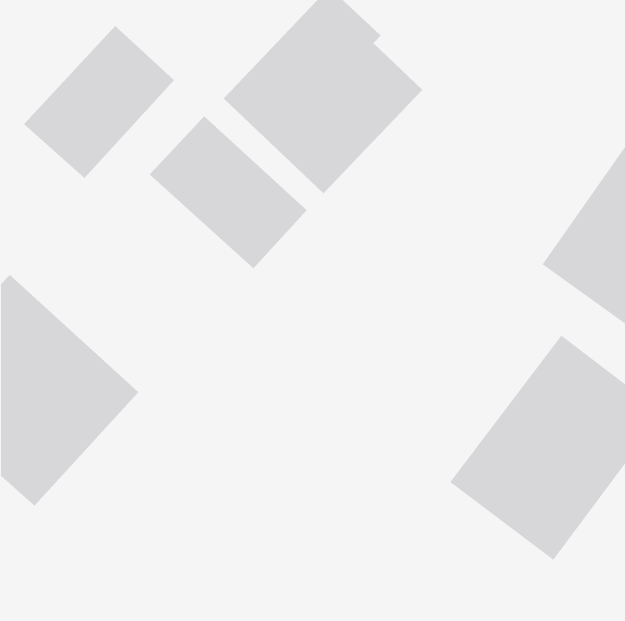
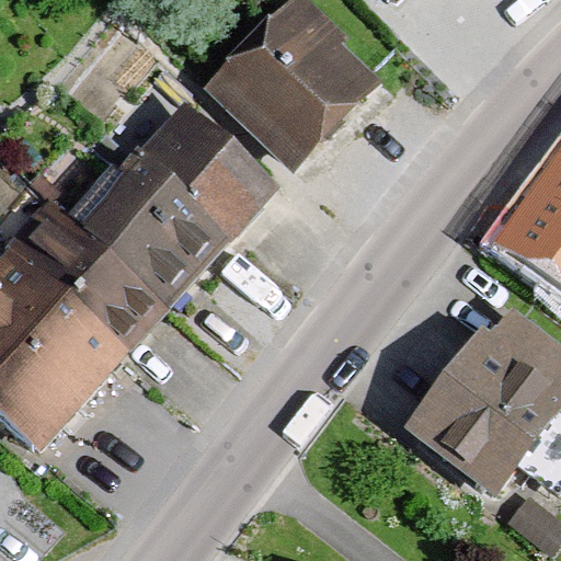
building: [23,25,175,179] -> none
building: none -> [8,156,229,350]

